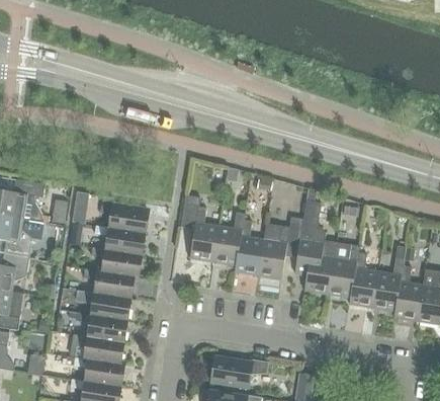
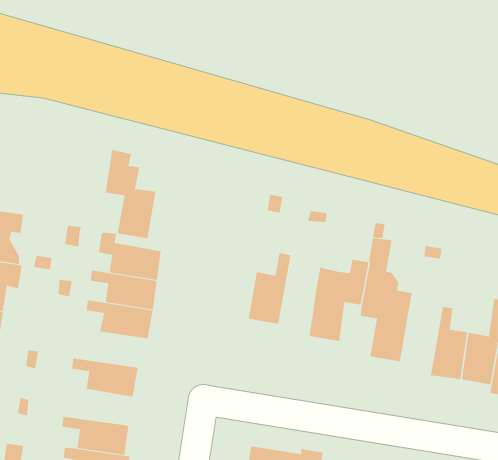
building: [180,193,218,260] -> [105,150,156,239]
building: [235,219,263,273] -> none
building: [327,241,359,303] -> none
building: [83,267,138,297] -> none
building: [69,310,126,340] -> none

